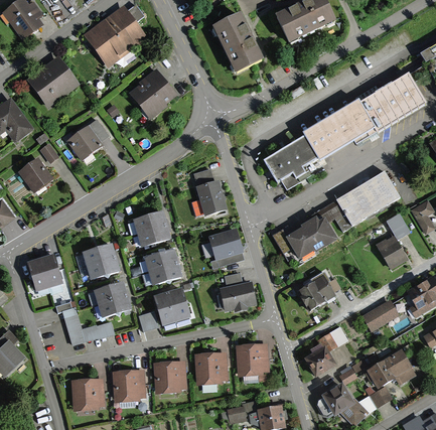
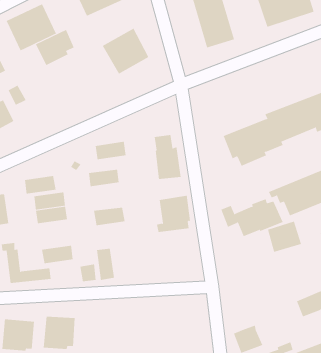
building: [67,119,108,159] -> [35,29,75,66]
building: [137,225,170,248] -> [95,141,126,160]
building: [149,263,182,286] -> none
building: [220,272,257,309] -> none
building: [297,277,334,312] -> [267,221,302,253]
building: [94,281,128,304] -> [24,175,57,194]
building: [167,287,190,321] -> none
building: [309,325,347,353] -> none
building: [236,343,269,376] -> none
building: [194,352,228,385] -> none
building: [153,361,186,394] -> none

